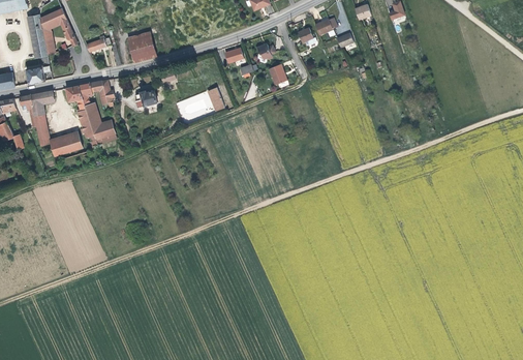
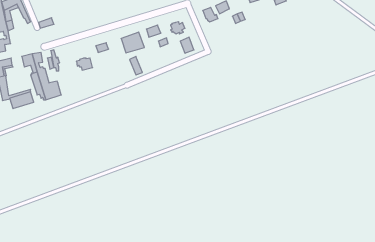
building: [126,31,157,62] -> none
building: [177,94,207,121] -> [121,32,144,53]

